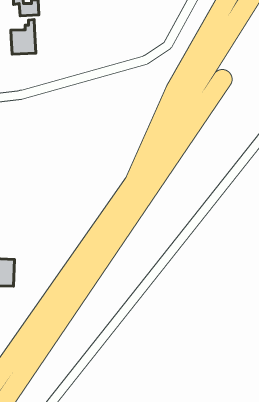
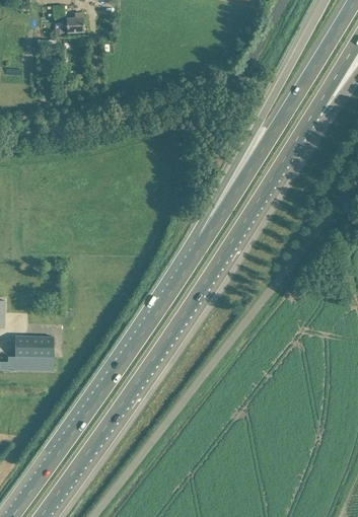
building: [11,19,36,54] -> none

